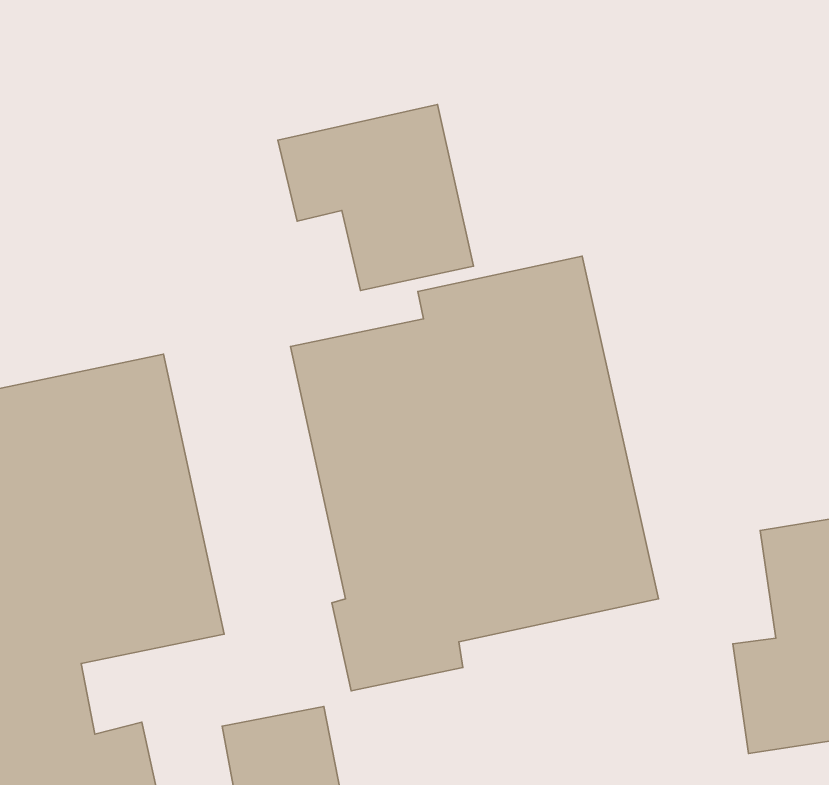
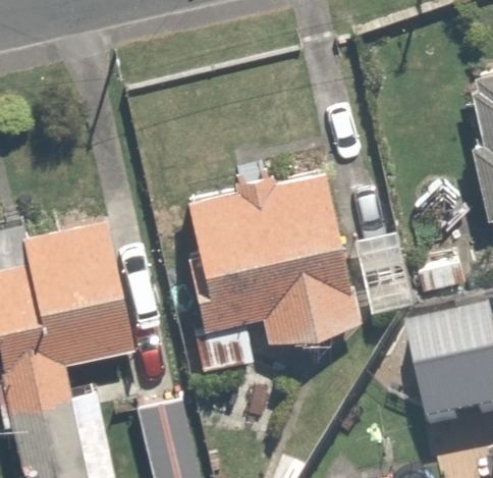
building: [278,105,474,290] -> none

